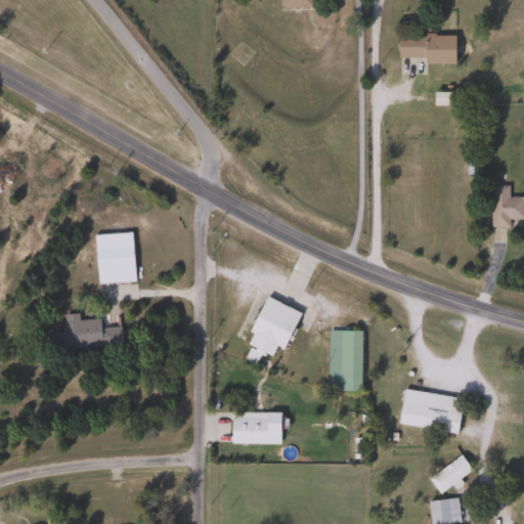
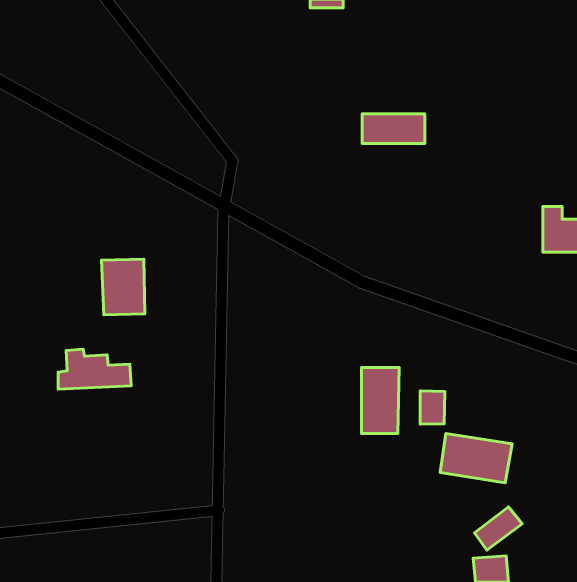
building: [400,35,456,61] -> [362,114,425,143]
building: [246,297,303,365] -> none
building: none -> [420,391,445,424]
building: [233,411,281,443] -> none

